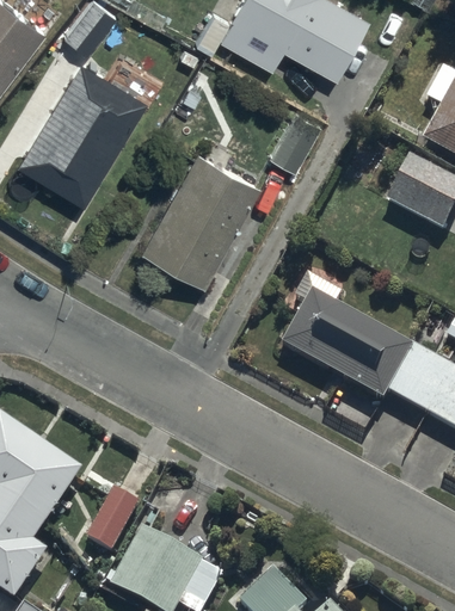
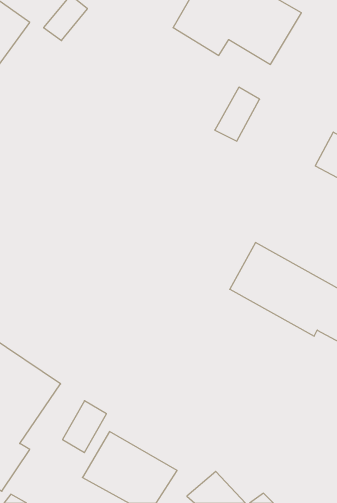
building: [18,62,148,206] -> none
building: [143,152,263,288] -> none

